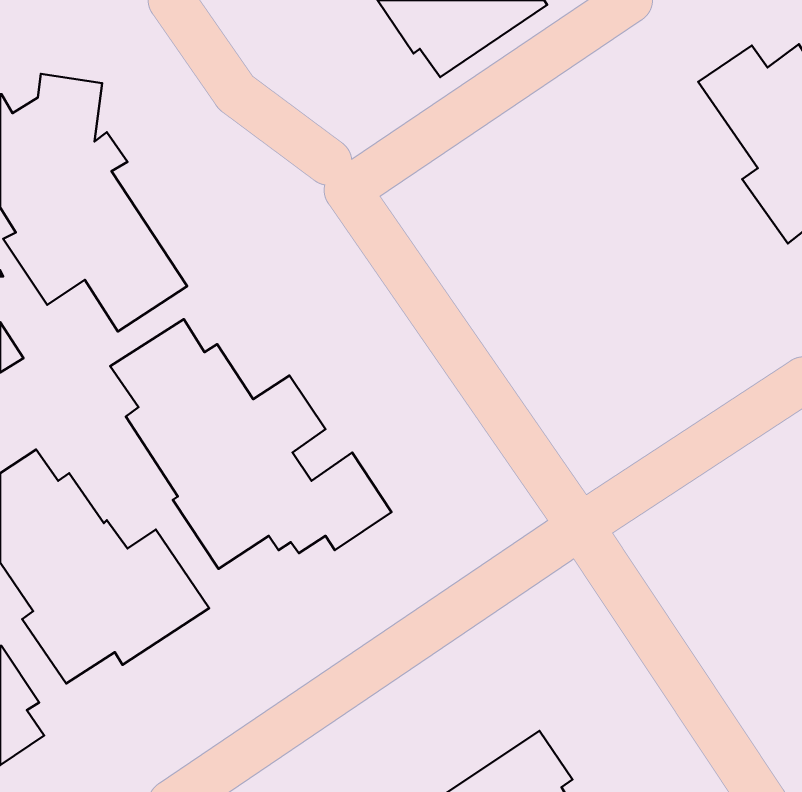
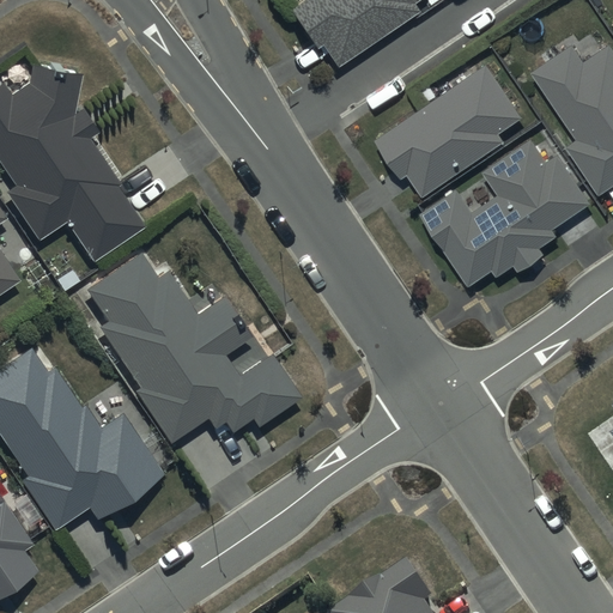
building: none -> [377,63,522,195]
building: none -> [421,136,591,285]

